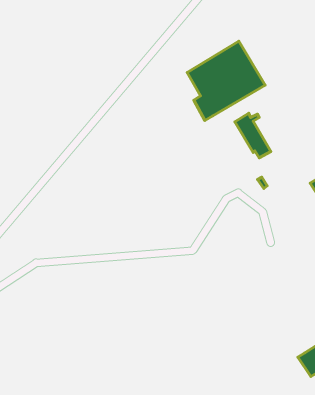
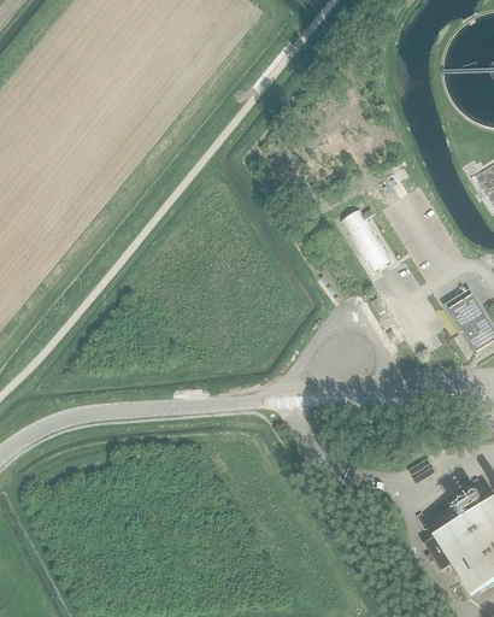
building: [187,41,265,121] -> none

